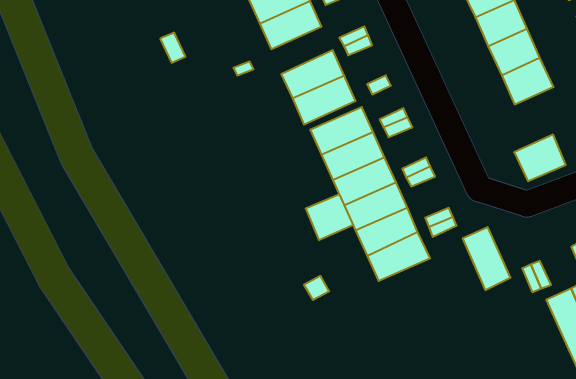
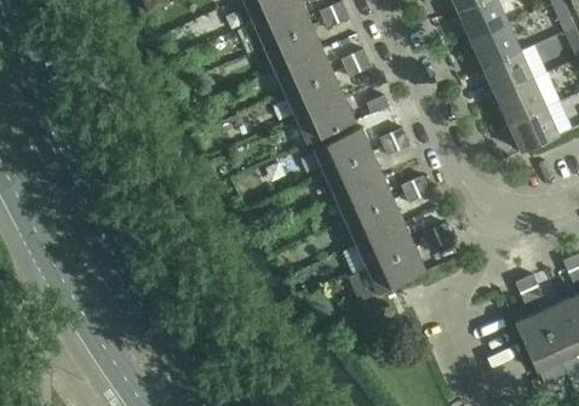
building: none -> [274,48,333,95]
building: [514,135,566,181] -> [508,107,557,151]
building: [306,194,353,240] -> none
building: [463,227,511,290] -> [514,311,560,372]

